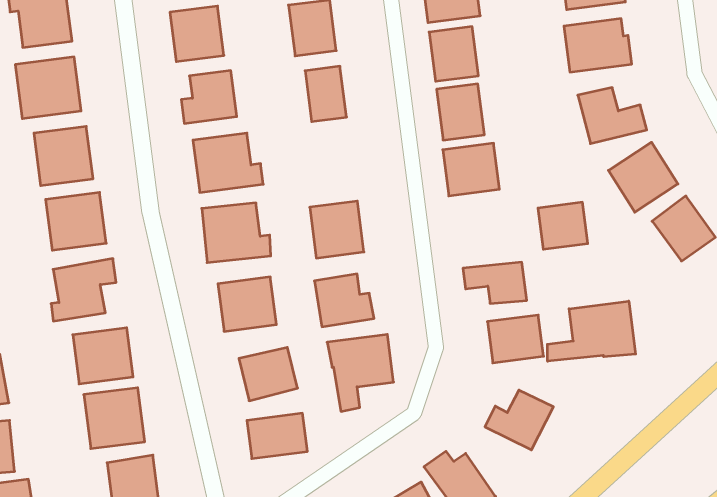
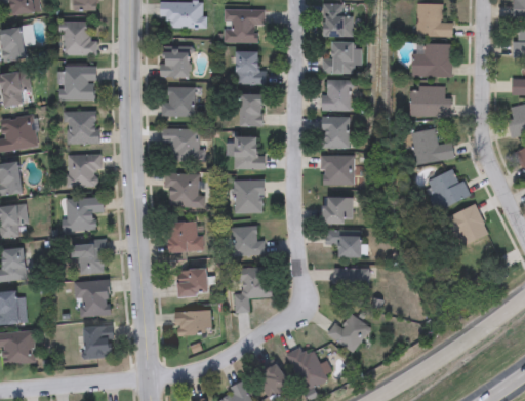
building: none -> [235,135,264,169]
building: [538,202,588,249] -> [325,197,354,224]
building: [547,301,636,361] -> none

